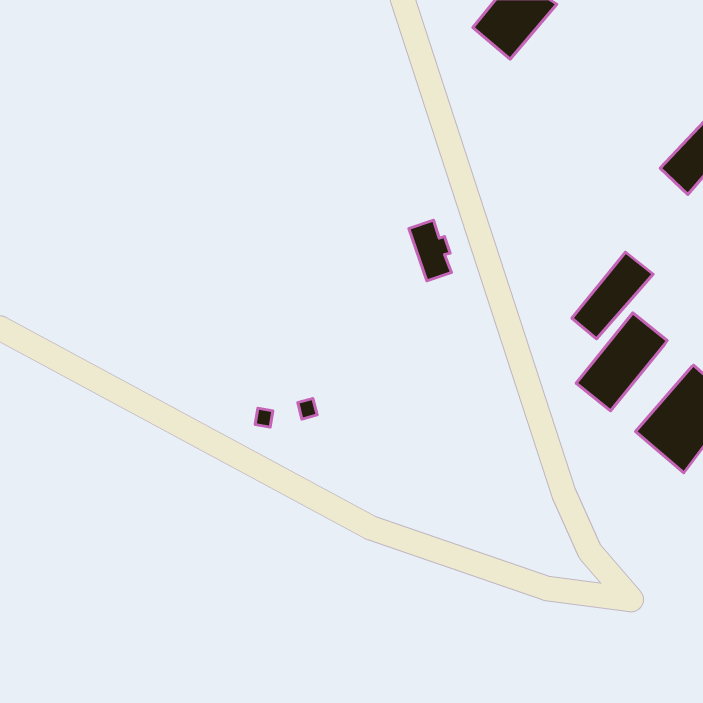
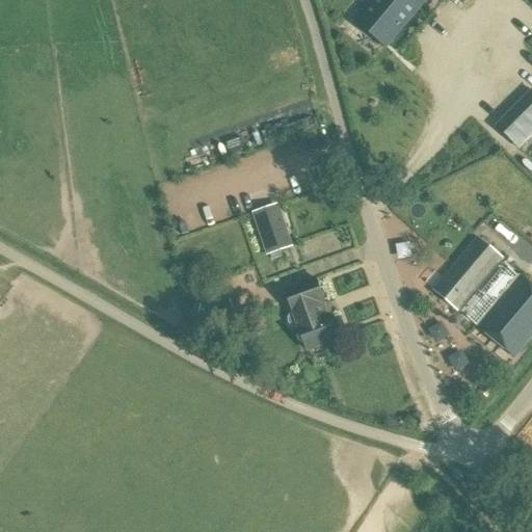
building: [409,220,452,281] -> [257,207,289,252]
building: [572,252,653,339] -> [461,260,523,325]
building: none -> [287,277,341,350]

